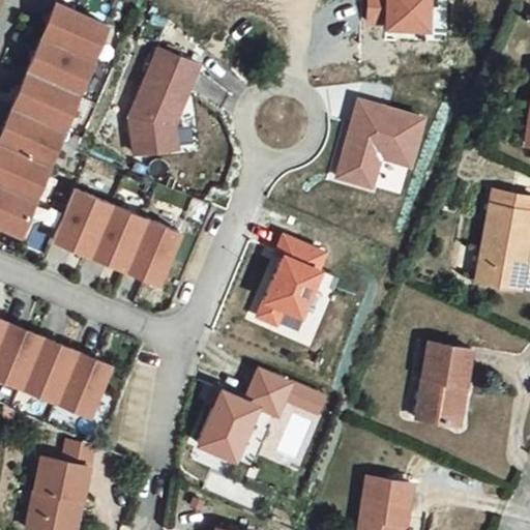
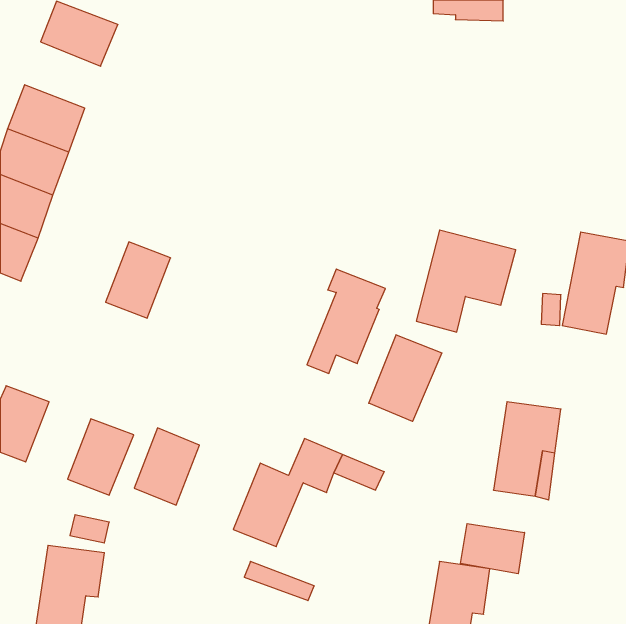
building: [22,38,86,94] -> none
building: [130,51,197,156] -> none
building: [338,93,422,179] -> [416,230,516,332]
building: [53,193,110,258] -> none
building: [125,220,180,285] -> none
building: none -> [369,335,442,421]
building: [23,342,78,407] -> [134,428,199,505]
building: none -> [461,524,524,574]

